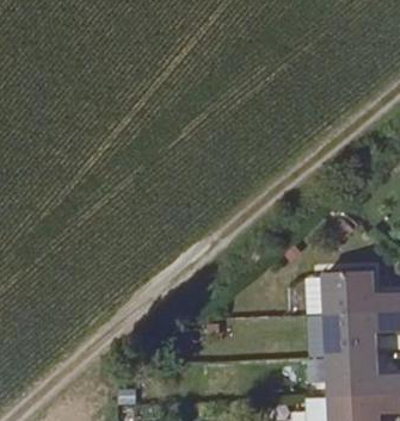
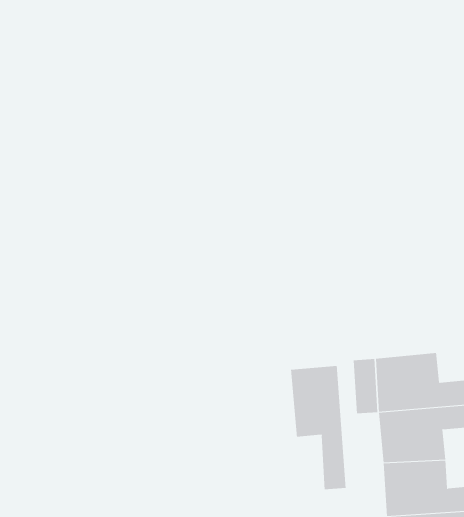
building: none -> [291,365,346,490]

